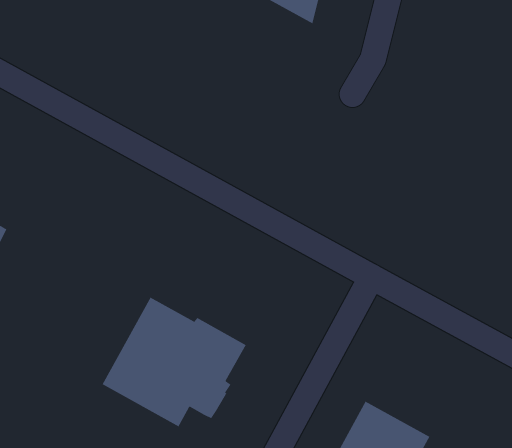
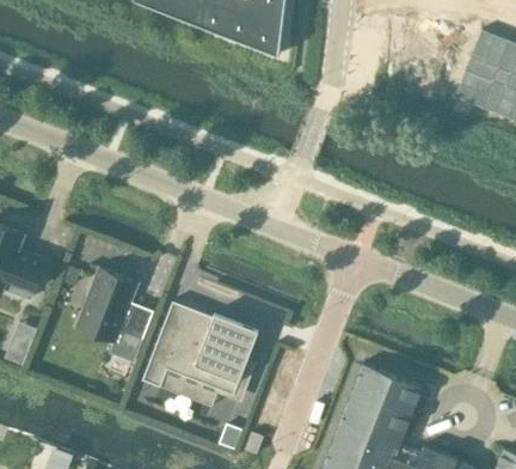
building: none -> [78,268,154,341]

